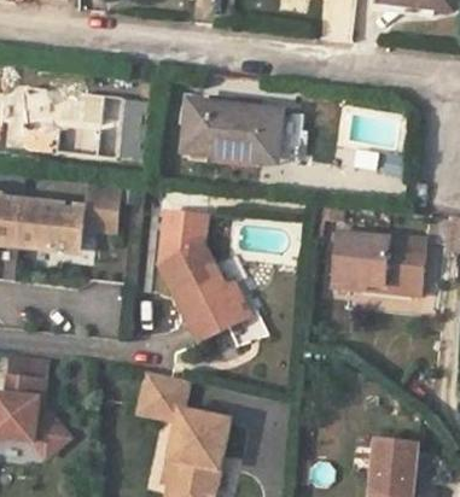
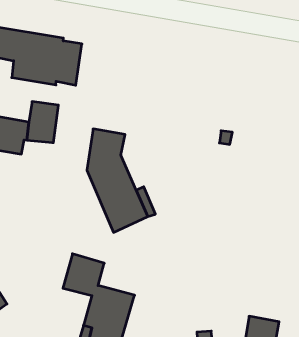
building: [184,100,303,160] -> none
building: [330,230,421,292] -> none

